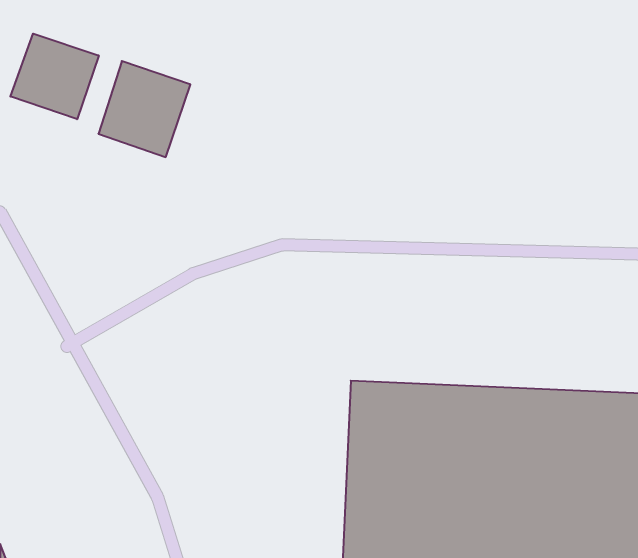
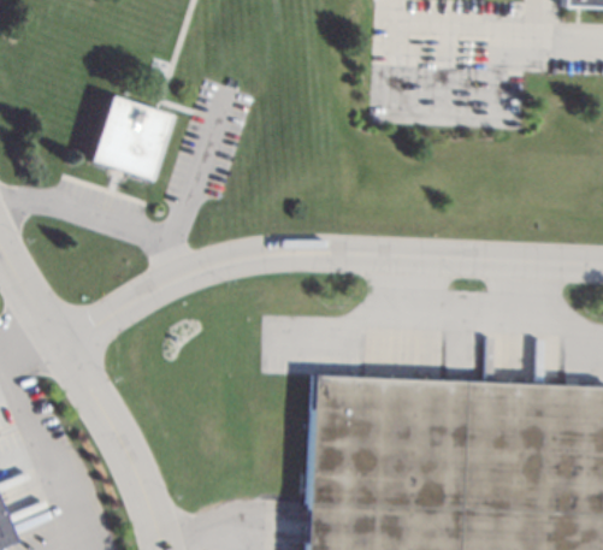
building: [10,34,99,119] -> none

